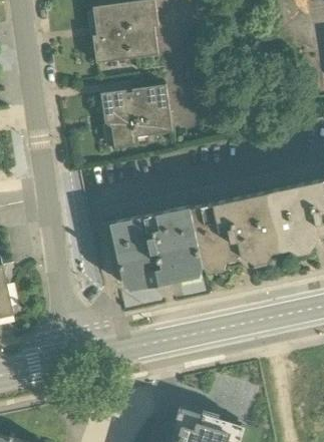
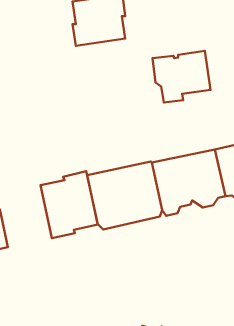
building: [99,84,172,148] -> [152,51,211,103]
building: none -> [41,171,98,238]

